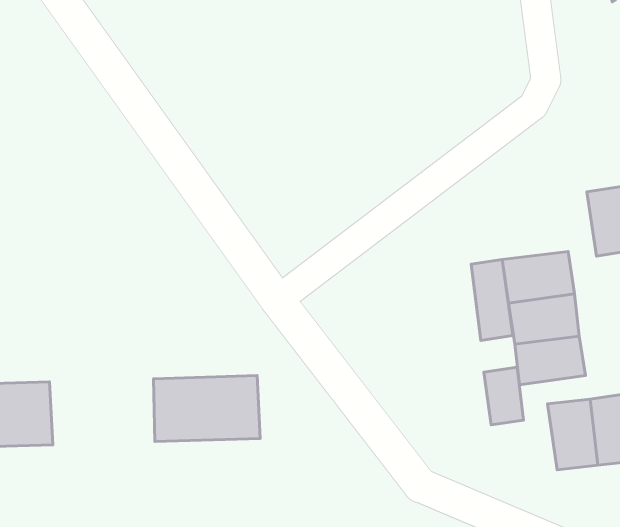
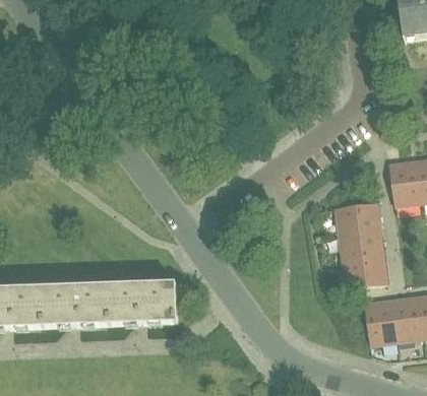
building: [471,259,513,340] -> none
building: [484,367,524,425] -> none
building: none -> [42,281,110,324]

